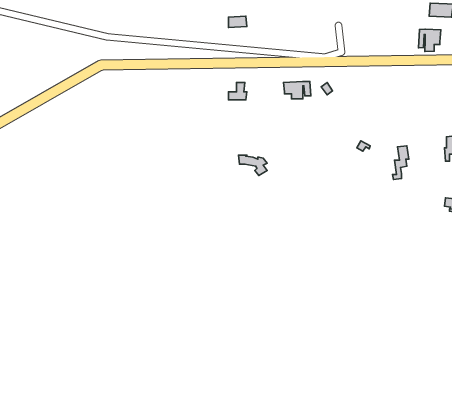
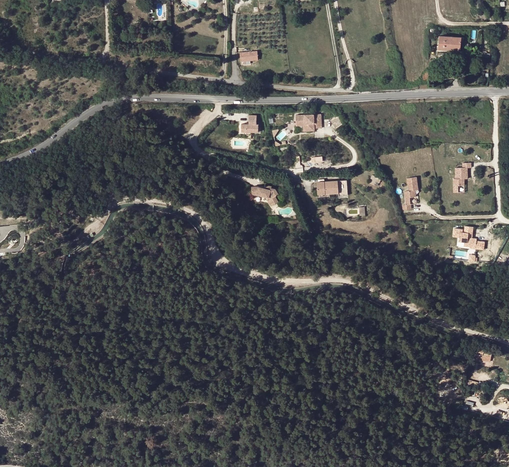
building: [418,29,441,51] -> none
building: none -> [316,180,347,196]

